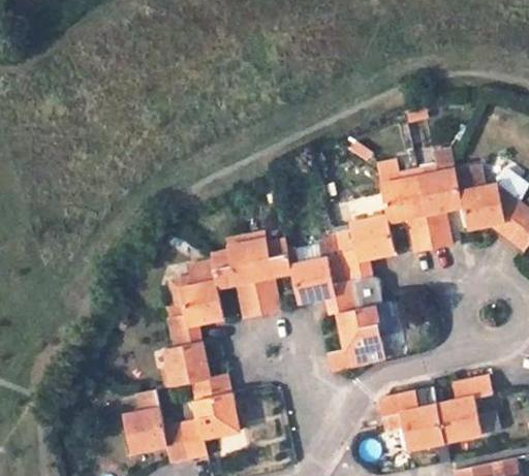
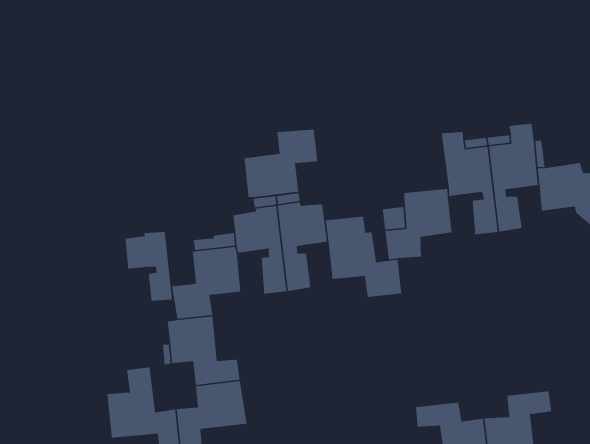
building: none -> [243,129,318,198]
building: none -> [125,231,173,301]
building: [329,306,387,373] -> none

